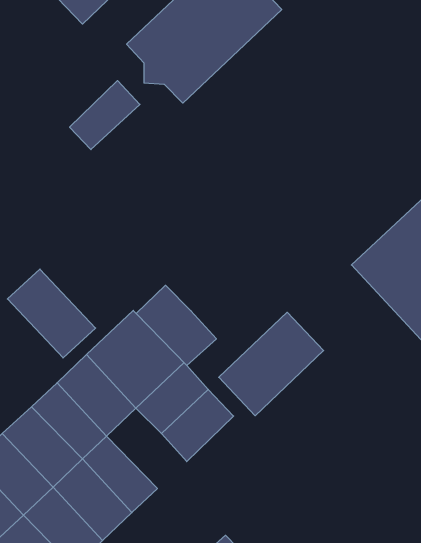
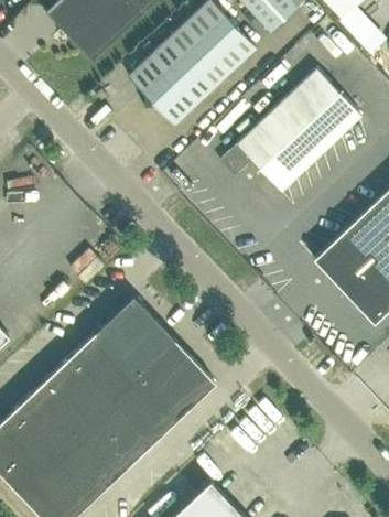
building: none -> [219,68,363,193]
building: [70,81,140,150] -> none
building: [7,269,96,358] -> none
building: [136,285,216,366] -> [111,377,177,443]
building: [219,312,324,416] -> none

